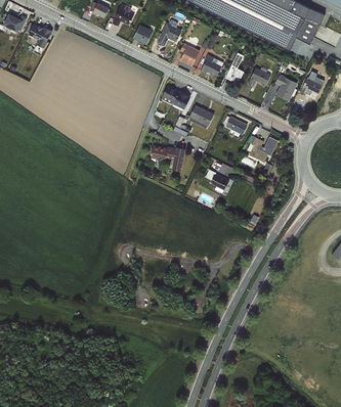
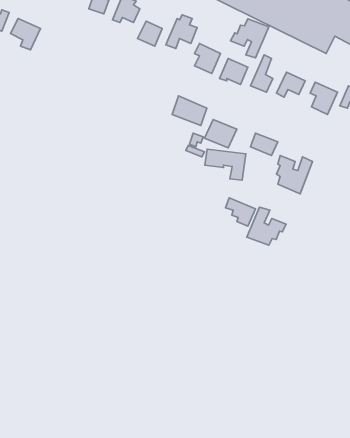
building: none -> [231,19,269,58]
building: [152,144,185,170] -> [205,149,246,180]
building: none -> [247,207,286,245]

